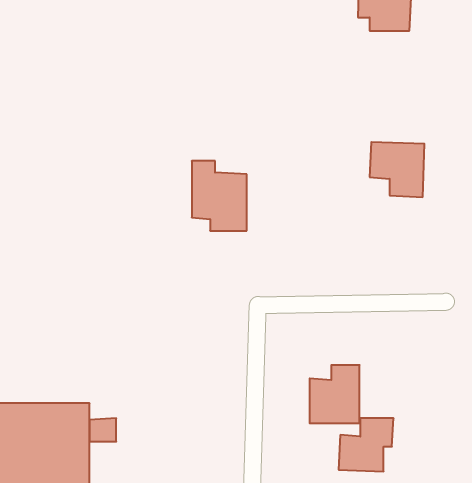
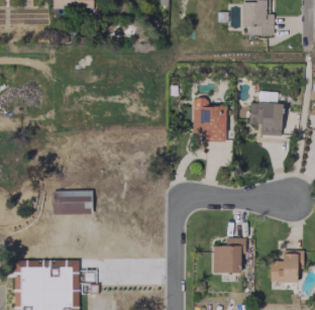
building: [192,161,247,231] -> [193,98,226,140]
building: none -> [54,190,93,214]
building: [339,418,394,471] -> [271,250,304,283]

